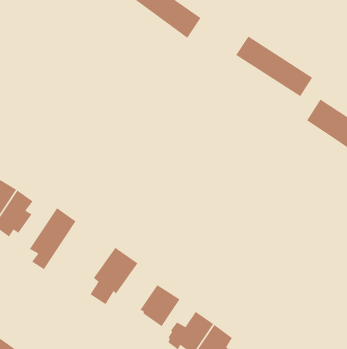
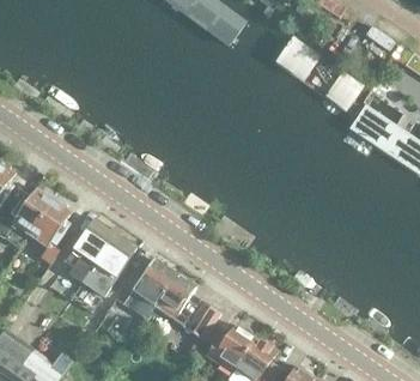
building: none -> [83,232,138,292]
building: none -> [157,276,199,323]

